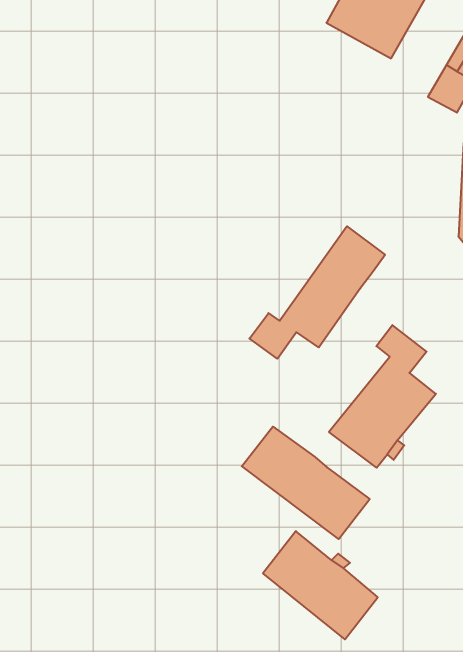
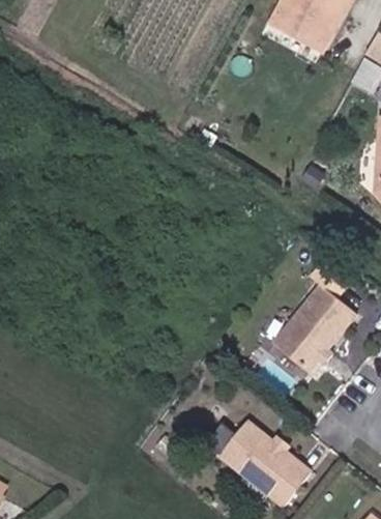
building: [249,226,385,359] -> none
building: [242,427,370,539] -> none

